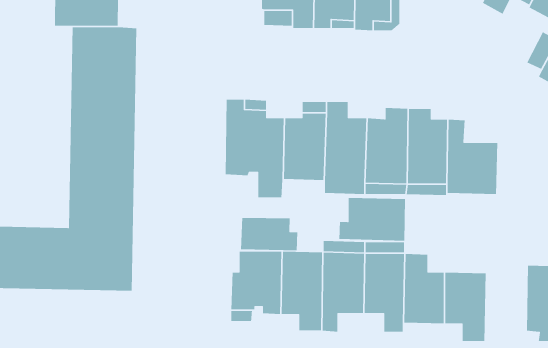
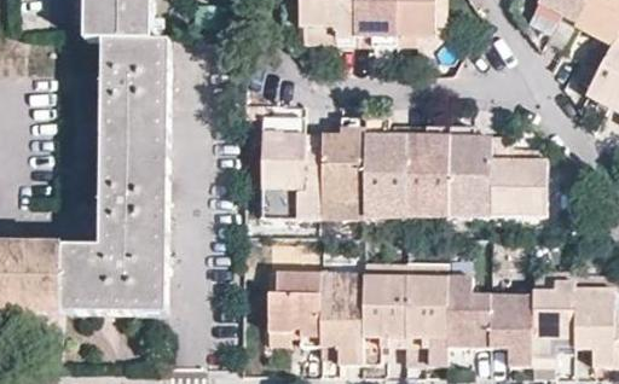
building: [338,197,406,241] -> none
building: [240,217,298,251] -> none
building: none -> [530,281,573,367]

